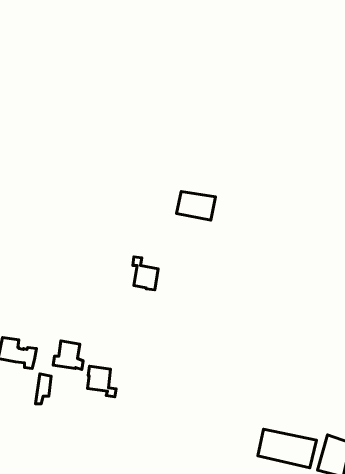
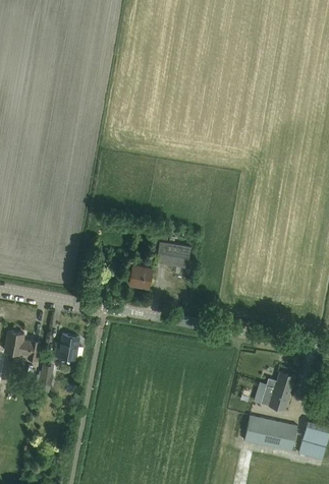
building: [177,191,215,220] -> [155,242,190,268]
building: [88,366,116,397] -> none
building: none -> [260,371,295,412]

